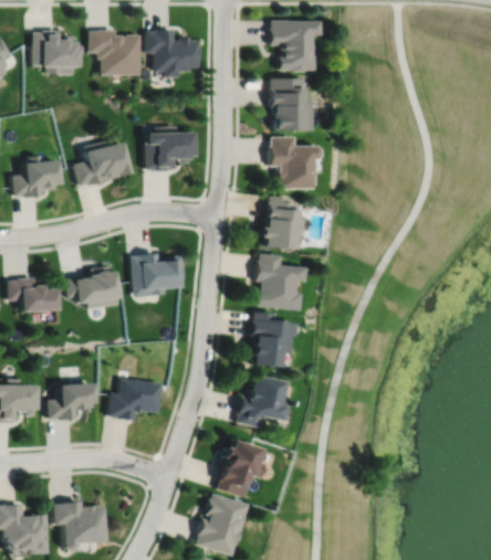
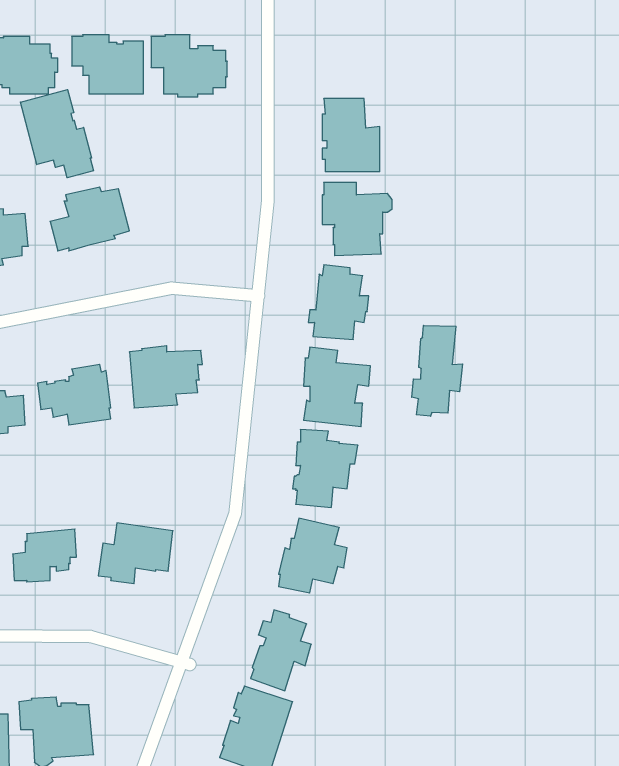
building: [272,21,320,70] -> none
building: none -> [20,90,93,178]
building: [147,125,196,170] -> none
building: none -> [412,325,463,416]

